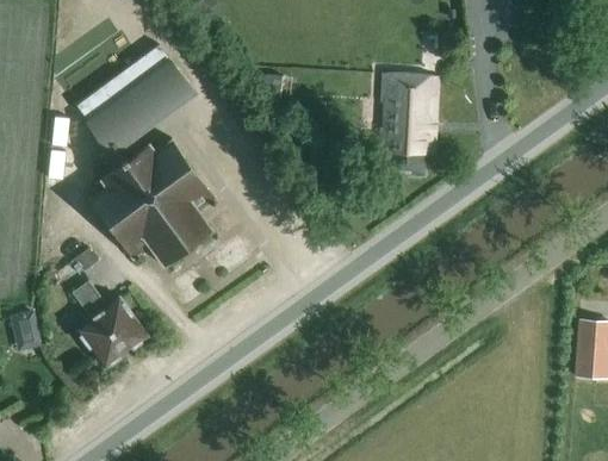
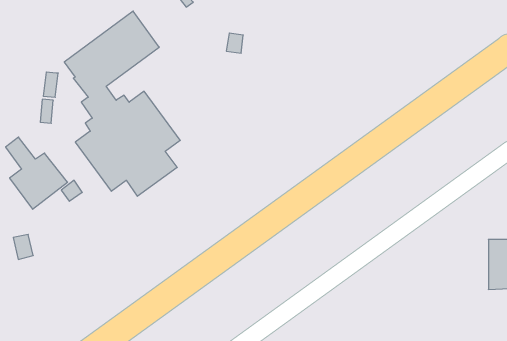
building: [379,75,440,176] -> none
building: [73,281,147,367] -> [6,137,68,209]

